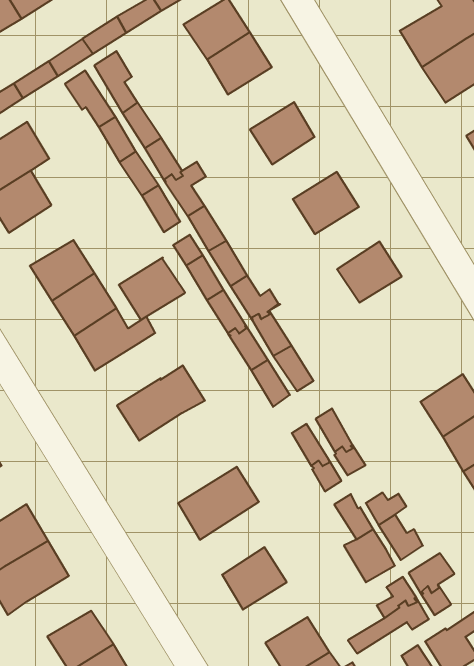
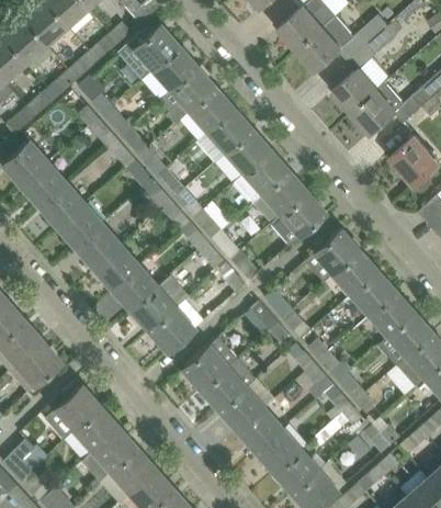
building: none -> [167,68,215,125]
building: none -> [207,110,251,154]
building: none -> [39,184,83,227]
building: none -> [233,151,287,204]
building: [119,258,185,320] -> [112,267,157,311]
building: none -> [270,193,325,246]
building: none -> [314,230,359,274]
building: none -> [149,298,205,352]
building: none -> [201,359,255,411]
building: none -> [81,429,136,482]
building: none -> [237,409,281,452]

